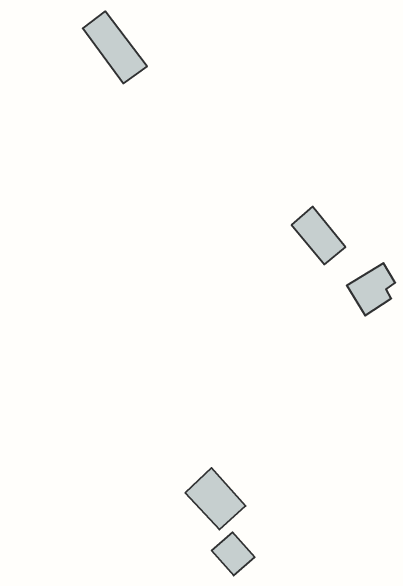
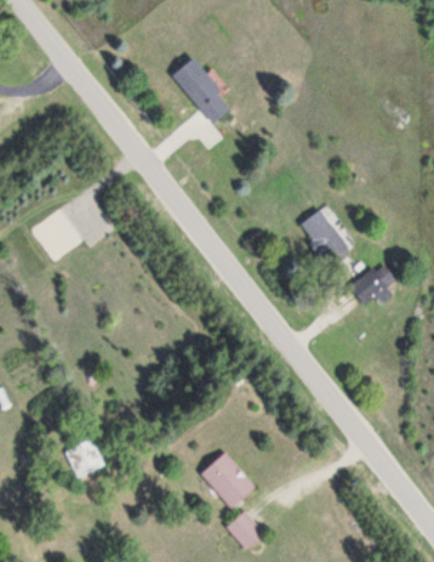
building: [83,11,147,83] -> [173,58,233,125]
building: none -> [64,438,104,479]

